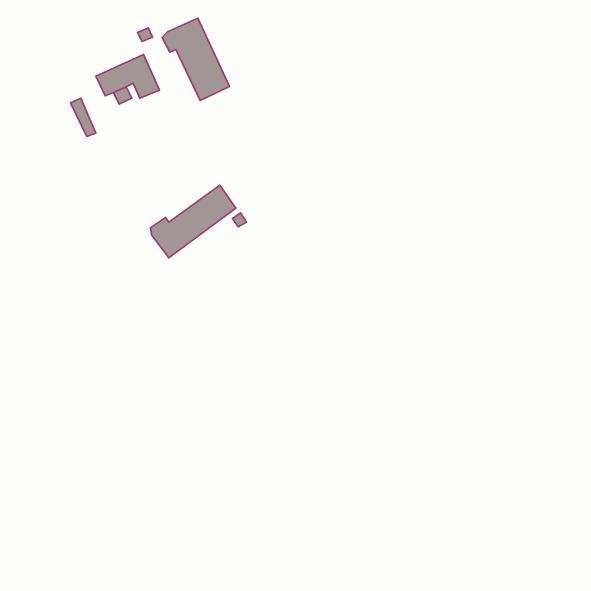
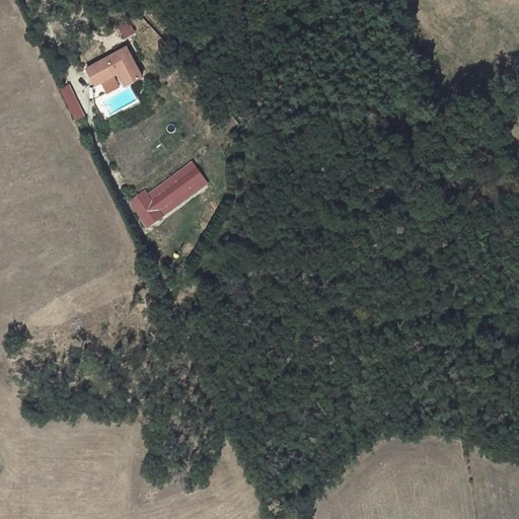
building: [162,18,229,101] -> none

